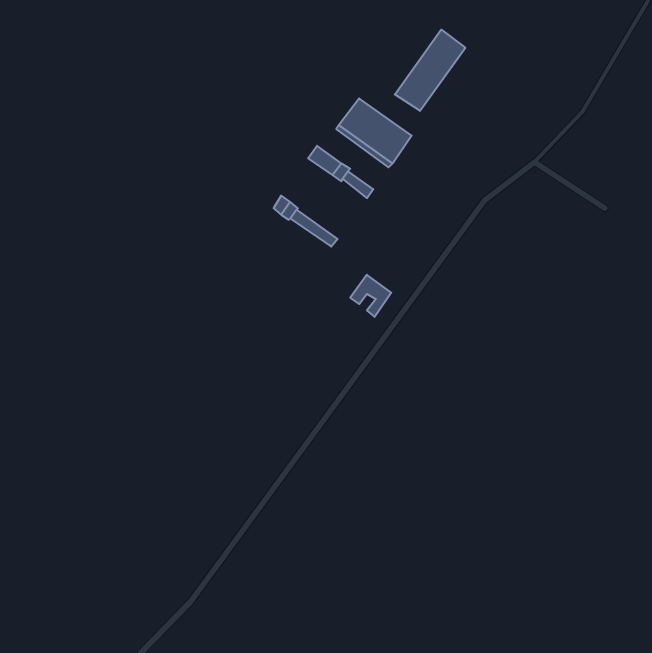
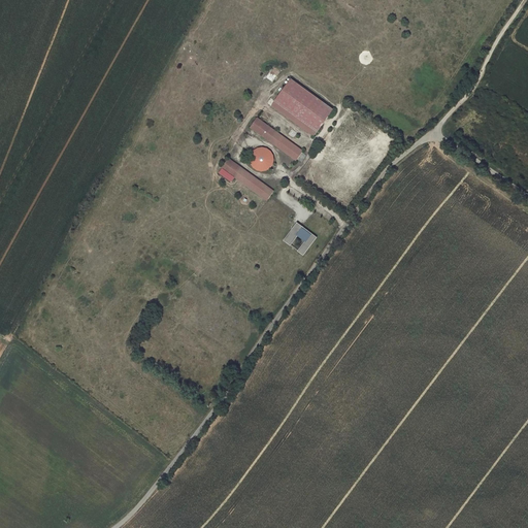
building: [395,30,465,111] -> none
building: none -> [249,147,272,171]

